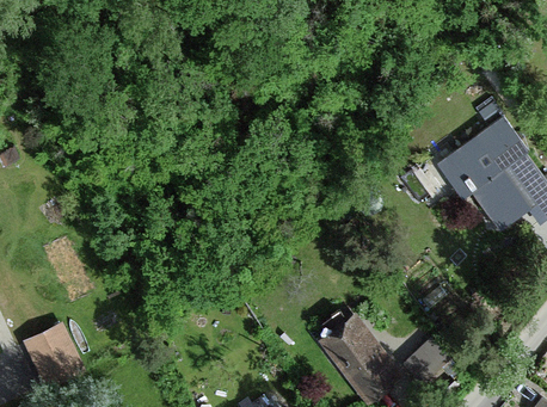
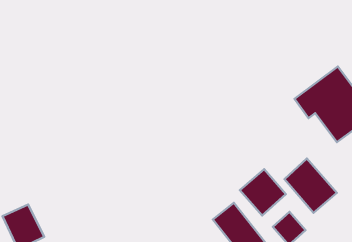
building: none -> [285,159,337,213]
building: none -> [240,169,286,216]

